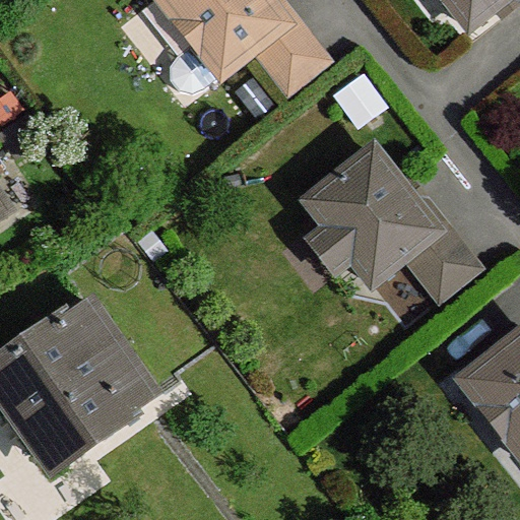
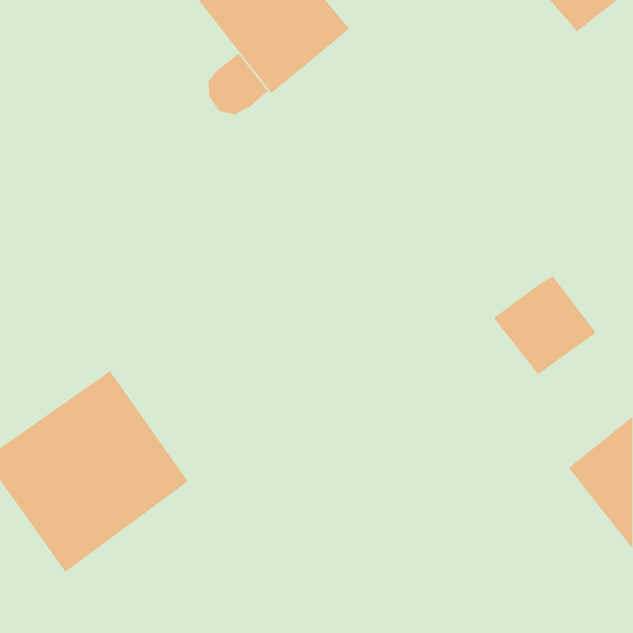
building: [249,14,333,99] -> none
building: [308,150,436,283] -> none

